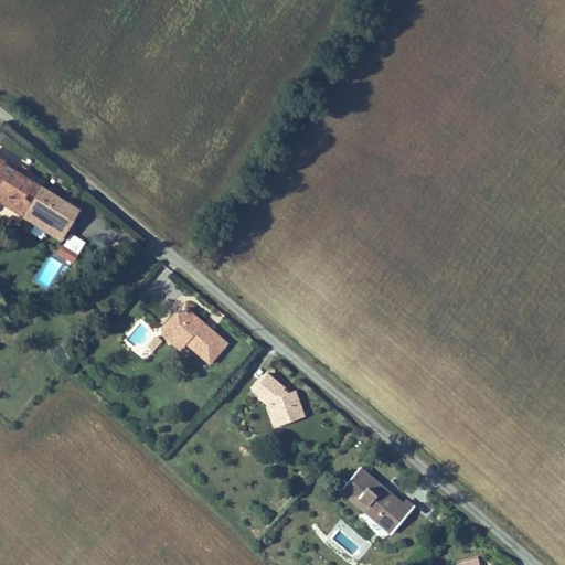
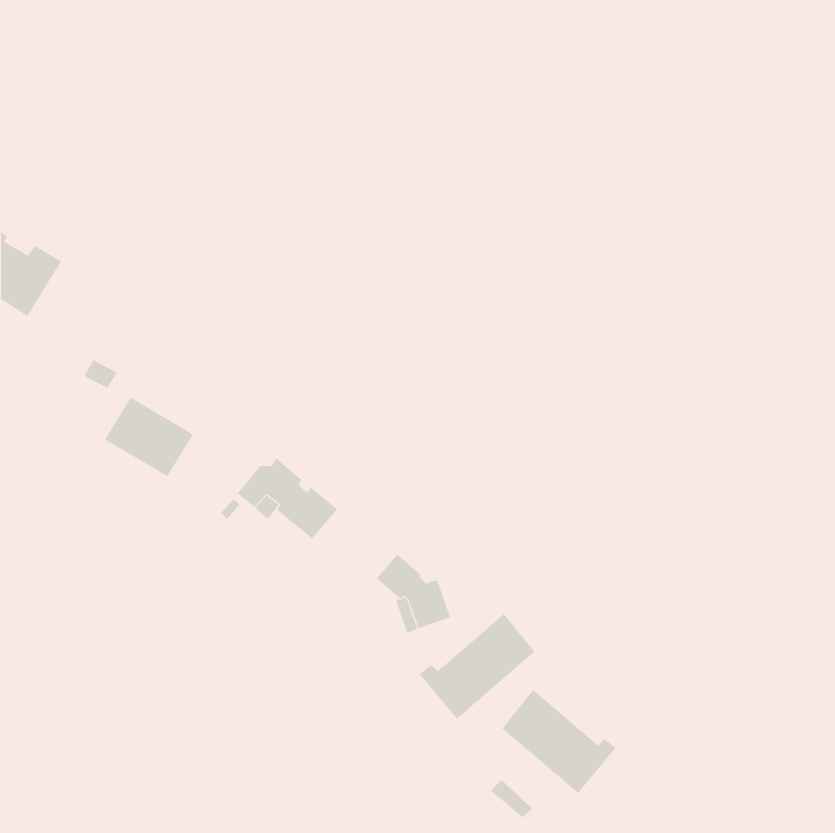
building: [19,185,79,239] -> [104,397,194,477]
building: none -> [419,613,535,720]

